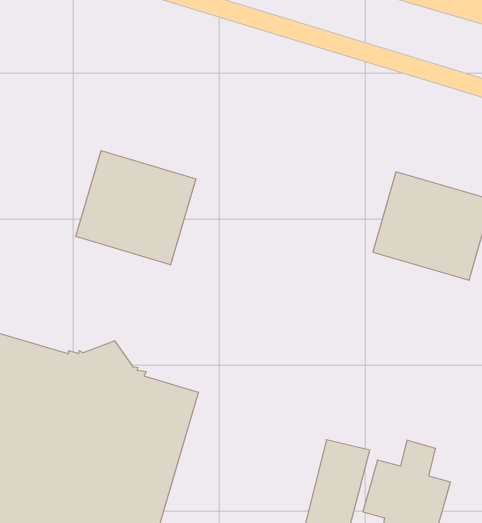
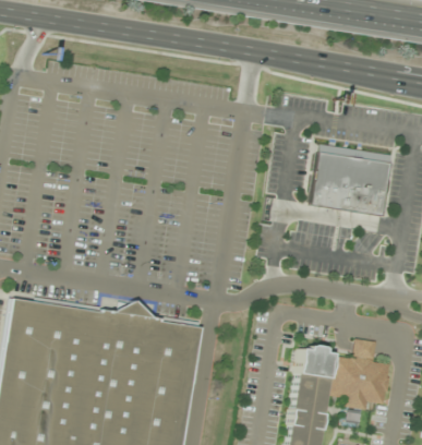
building: [76,151,196,265] -> none

